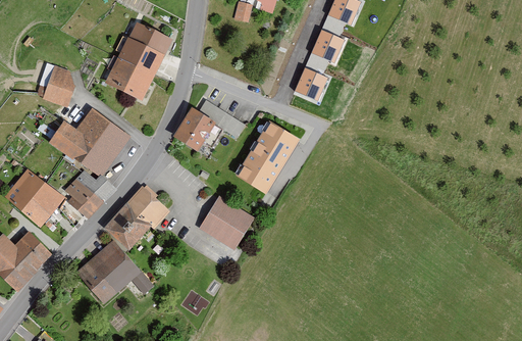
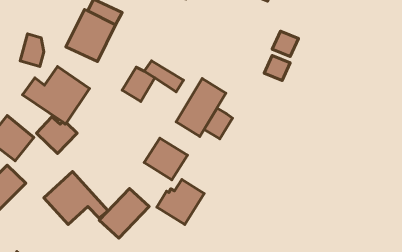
building: [314,32,347,63] -> [272,31,298,56]
building: [298,69,330,101] -> [264,55,290,81]
building: none -> [204,108,232,139]
building: [103,188,165,250] -> [99,188,149,238]
building: none -> [157,180,204,224]

